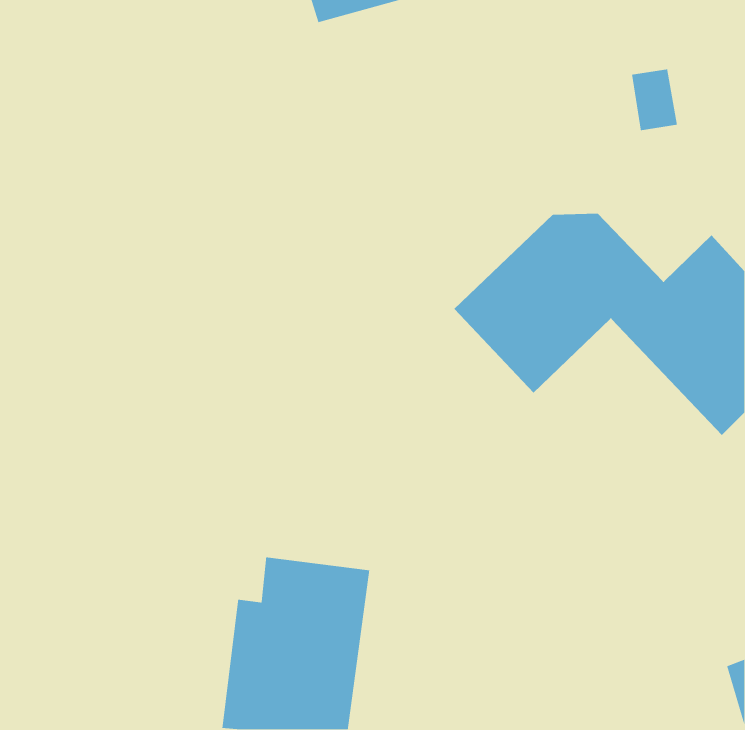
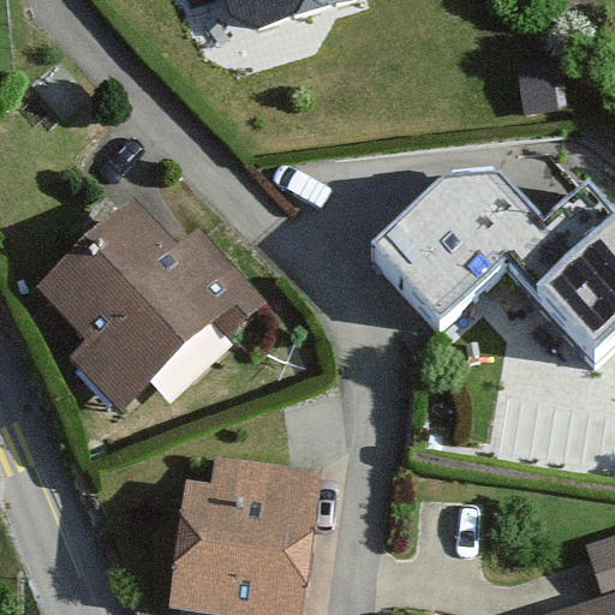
building: none -> [46,207,262,404]

